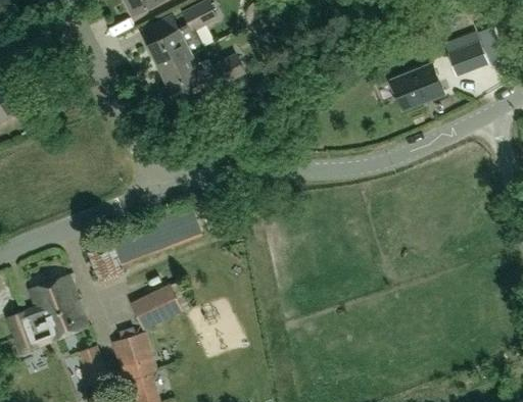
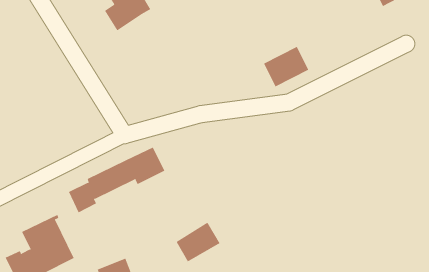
building: [159,54,243,95] -> none
building: [390,65,442,110] -> [263,46,309,87]
building: [132,285,183,329] -> [176,222,220,262]

